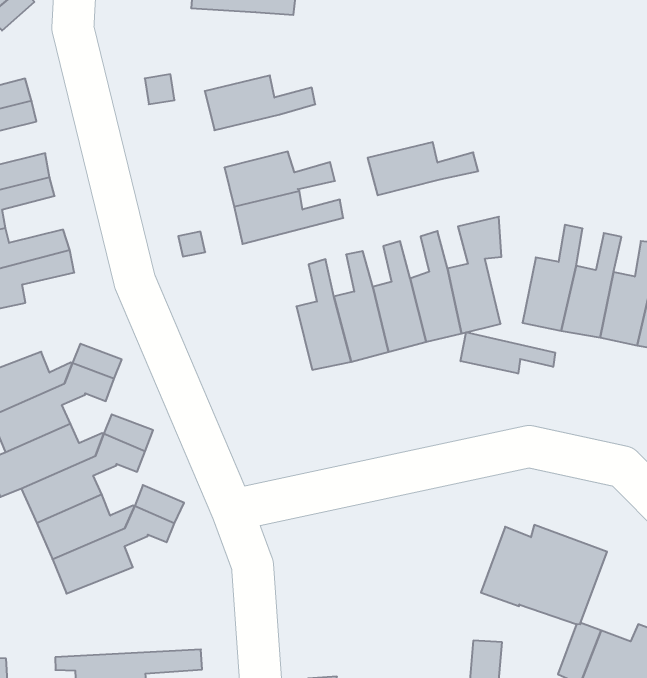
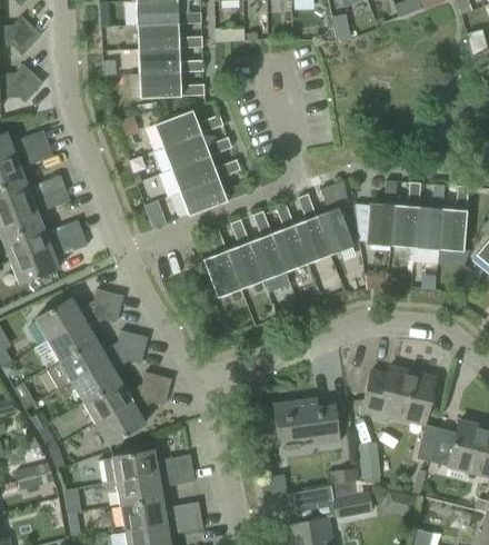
building: none -> [140,72,204,98]
building: [368,142,478,195] -> [163,133,232,170]
building: none -> [203,228,241,297]
building: [461,332,555,374] -> none
building: none -> [273,397,341,446]
building: none -> [99,449,193,484]

